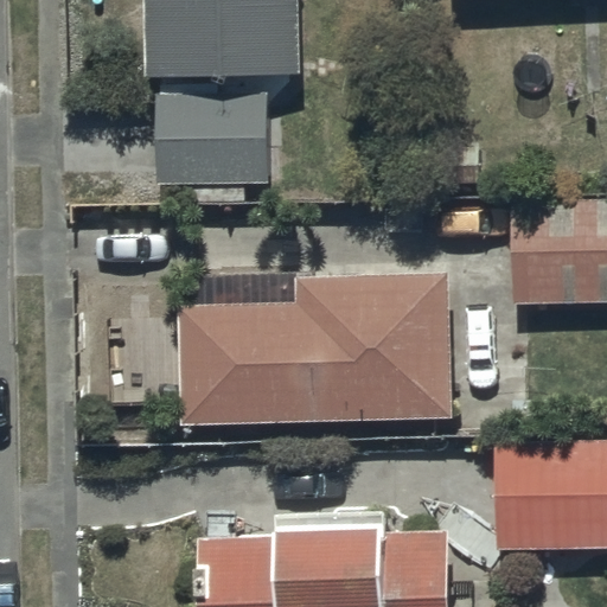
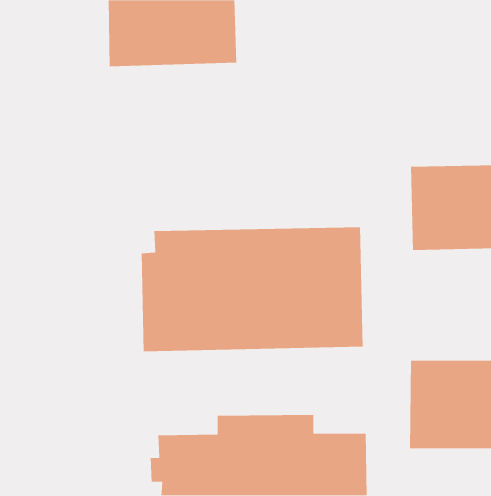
building: [156,94,271,202] -> none

